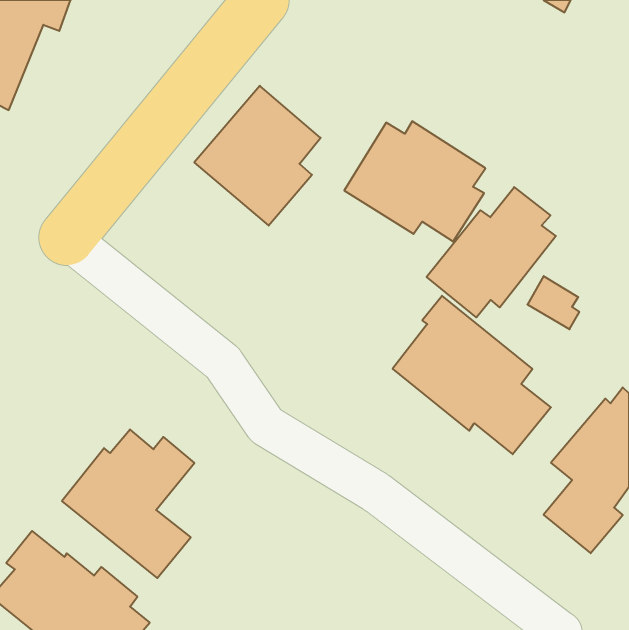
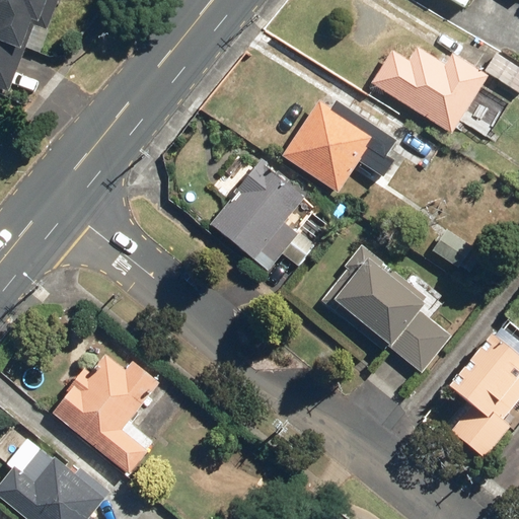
building: none -> [372,46,489,134]
building: [194,86,321,226] -> [206,159,309,274]
building: [427,187,556,317] -> none

